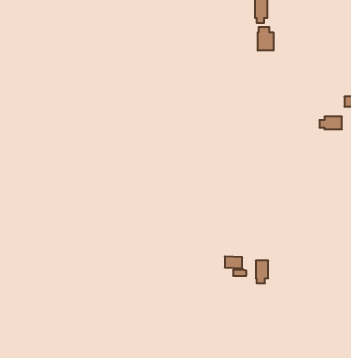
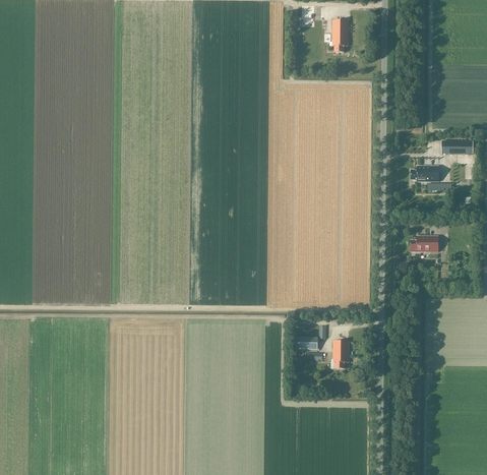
building: [258,27,273,51] -> none
building: none -> [411,236,438,252]

